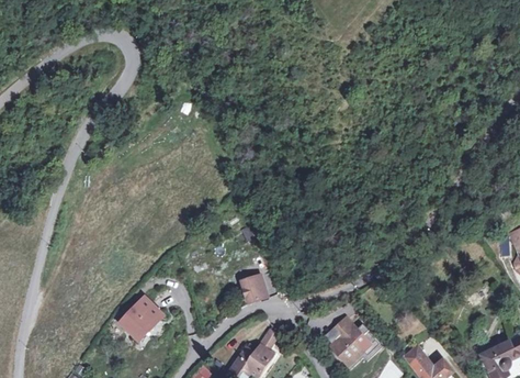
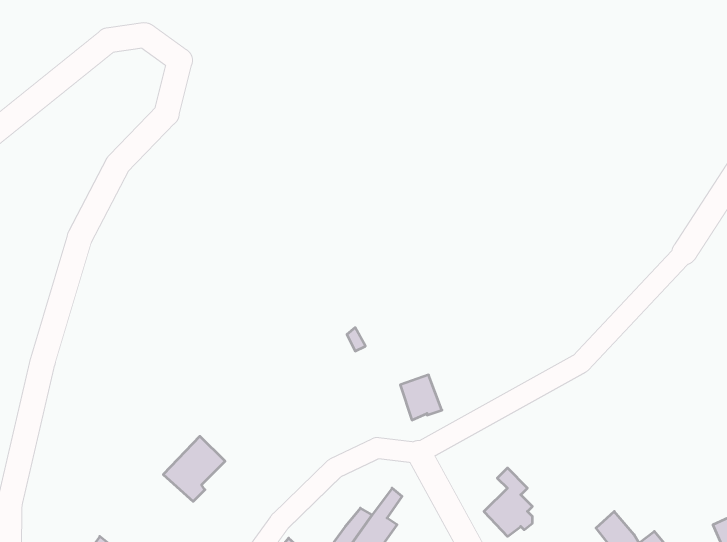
building: [241,274,269,303] -> [400,375,442,420]

